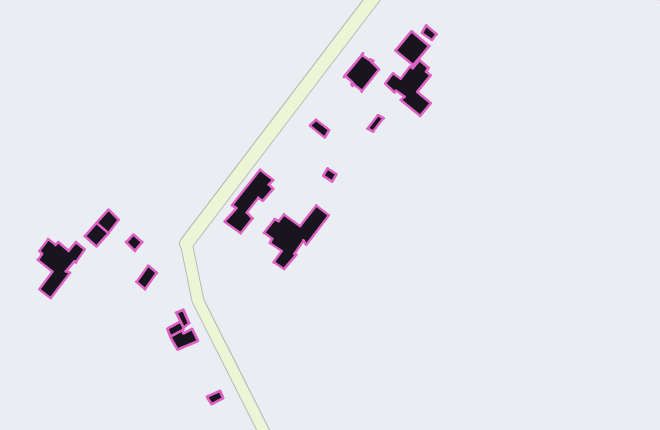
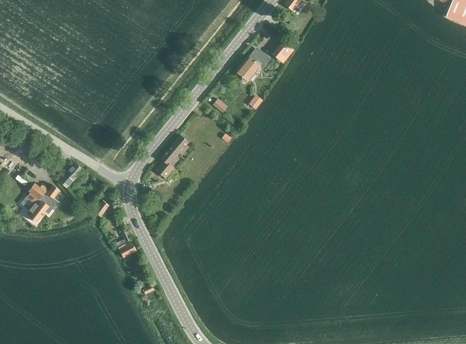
building: [385,60,431,116] -> none
building: [264,205,329,269] -> none

